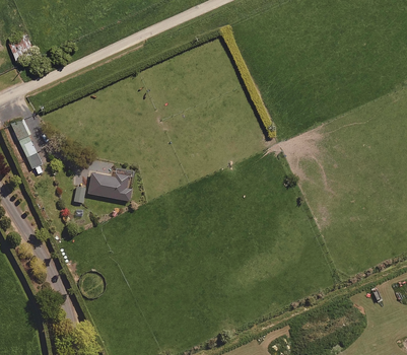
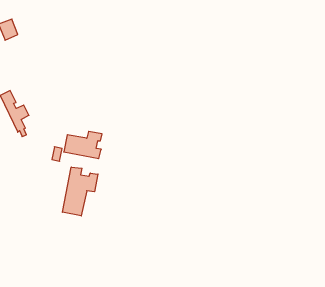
building: none -> [62,167,98,216]

